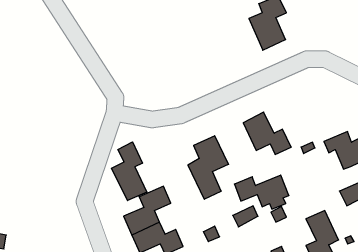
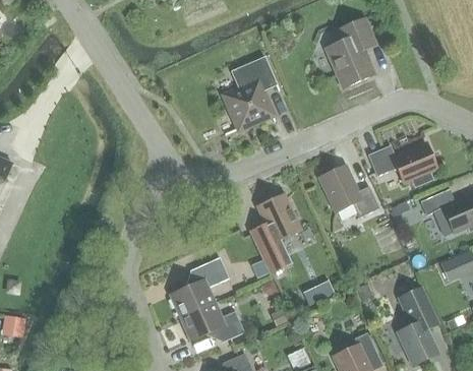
building: none -> [224,57,278,134]
building: [112,142,147,201] -> none
building: [234,175,289,209] -> [367,143,435,186]

